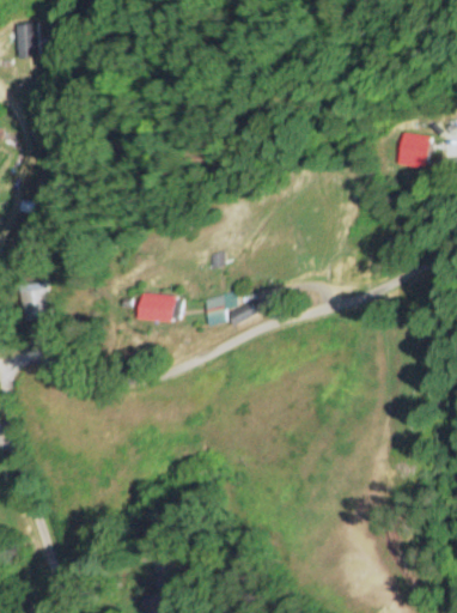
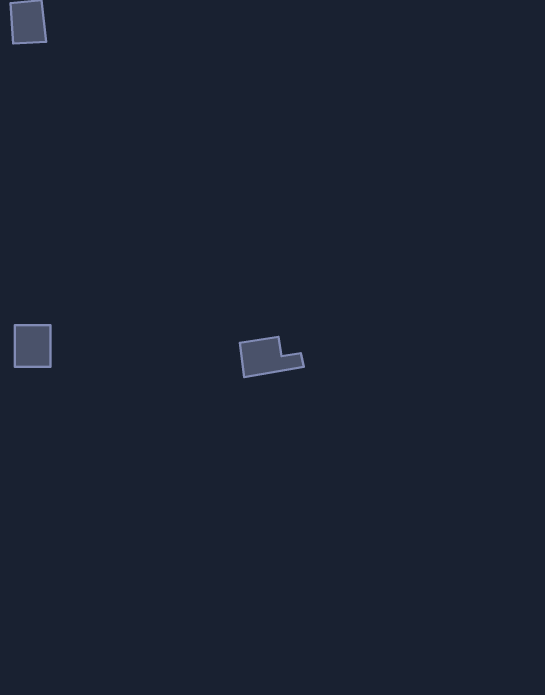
building: [396,134,428,169] -> none
building: [134,293,173,323] -> none

